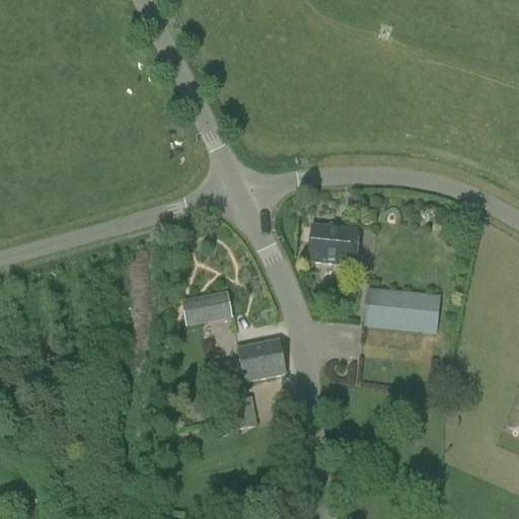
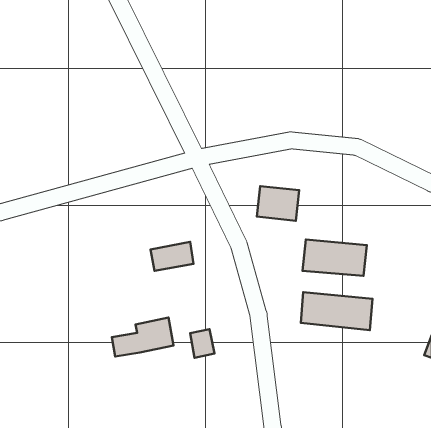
building: [212,340,286,386] -> [112,318,174,357]
building: none -> [301,292,372,330]

